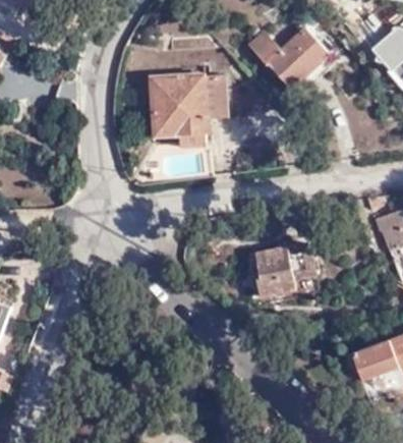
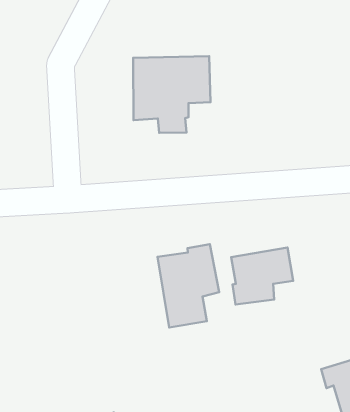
building: [246,24,325,85] -> none
building: none -> [158,244,219,327]

